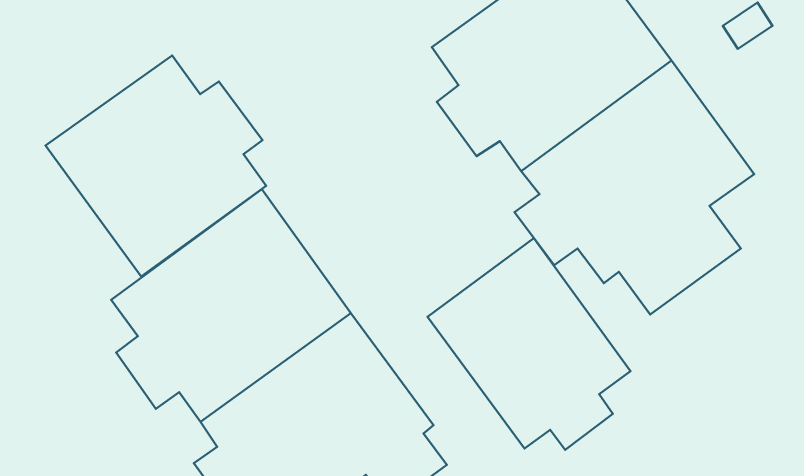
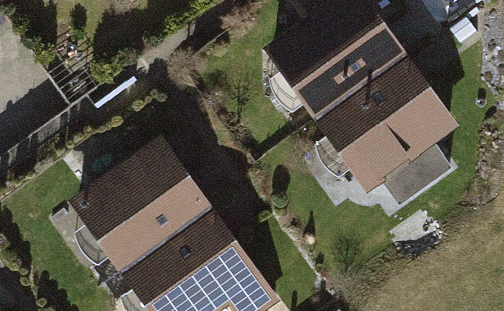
building: [45,56,266,277] -> none
building: [428,238,631,450] -> none

